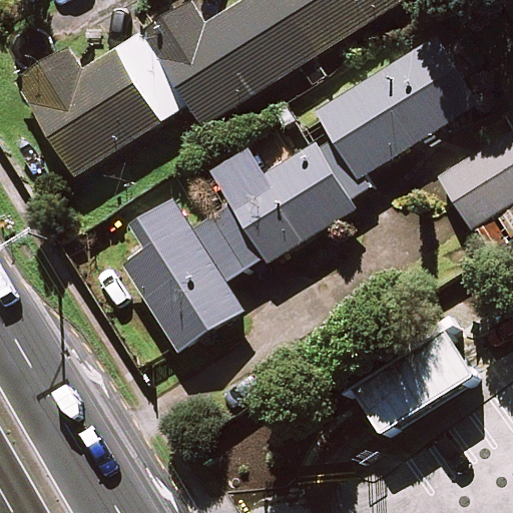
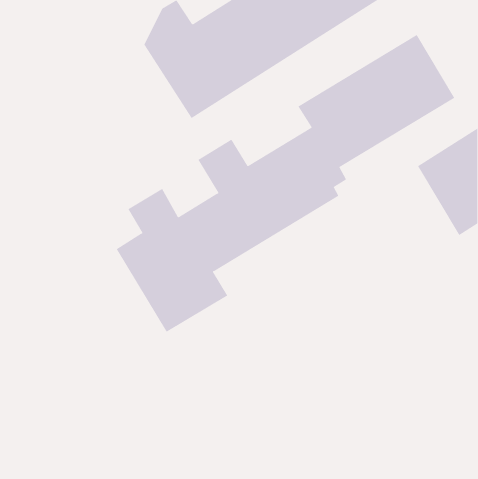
building: [15,34,182,176] -> none
building: [352,328,474,434] -> none

